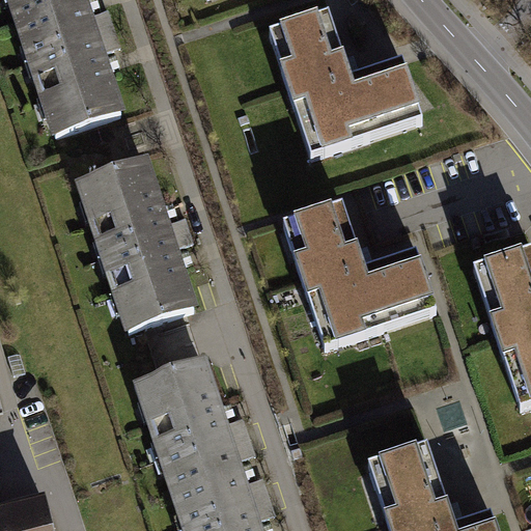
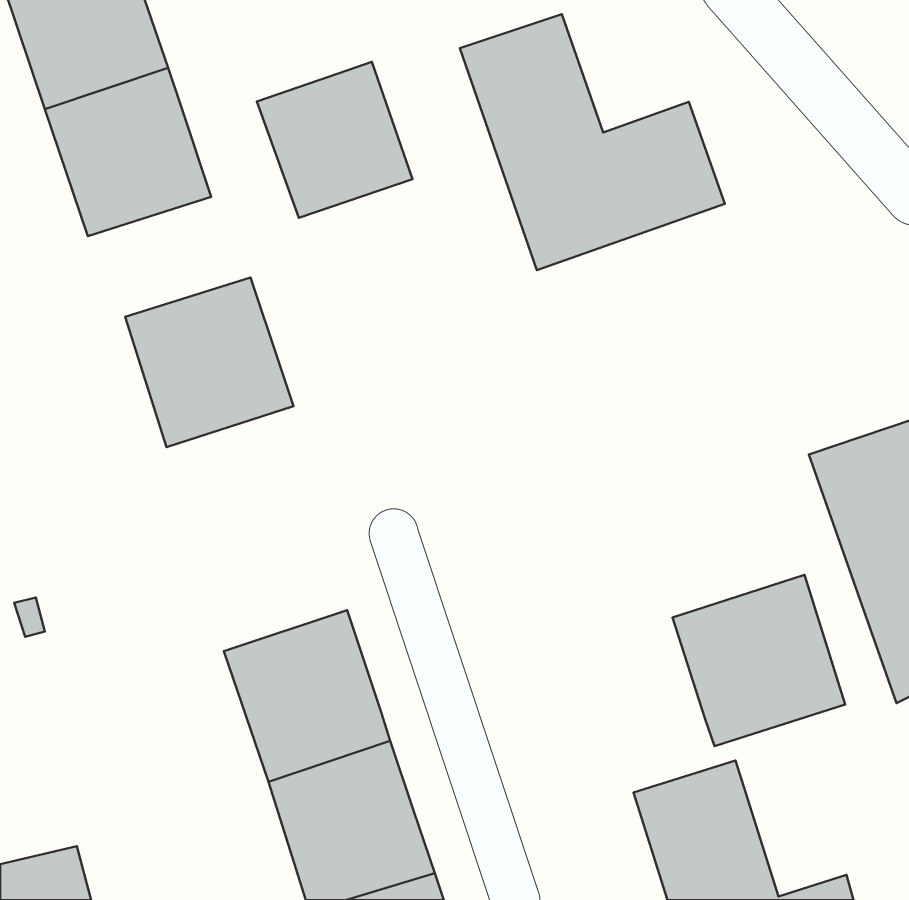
building: none -> [257,62,412,218]
building: [281,196,436,344] -> none
building: [100,235,197,335] -> none
building: none -> [672,575,845,746]

